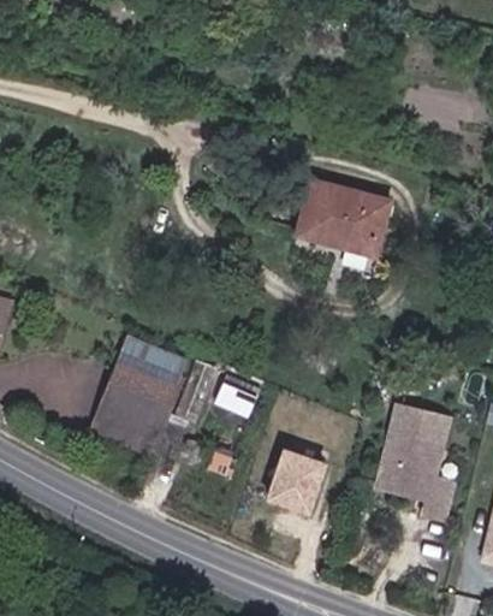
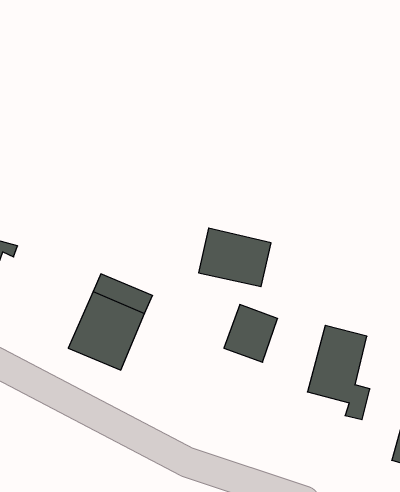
building: [305,185,393,256] -> [199,228,271,287]
building: [267,446,332,516] -> [224,305,278,362]

